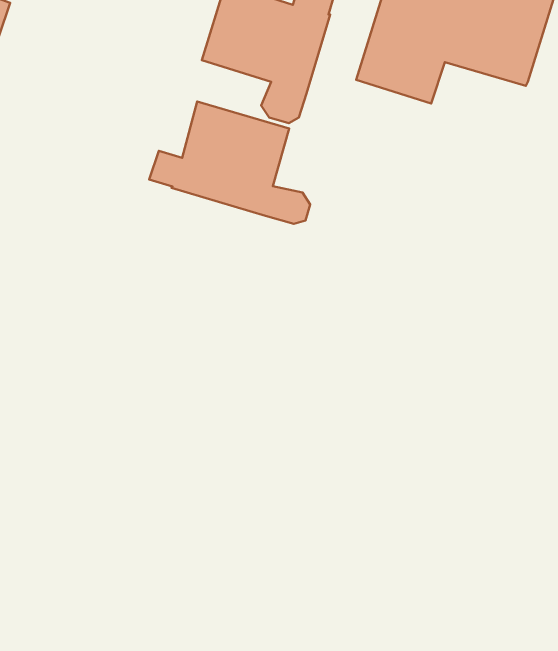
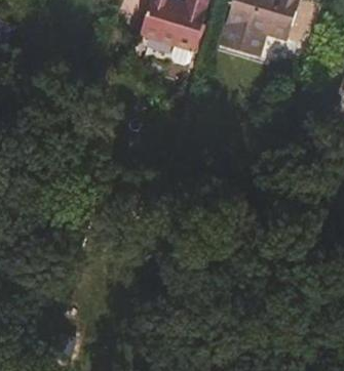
building: [149,102,310,224] -> none

